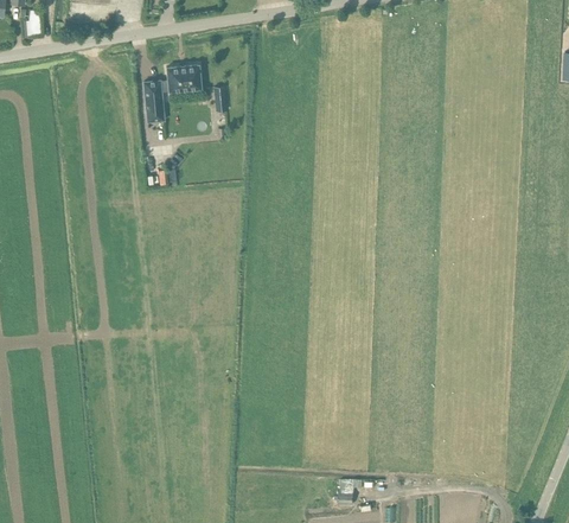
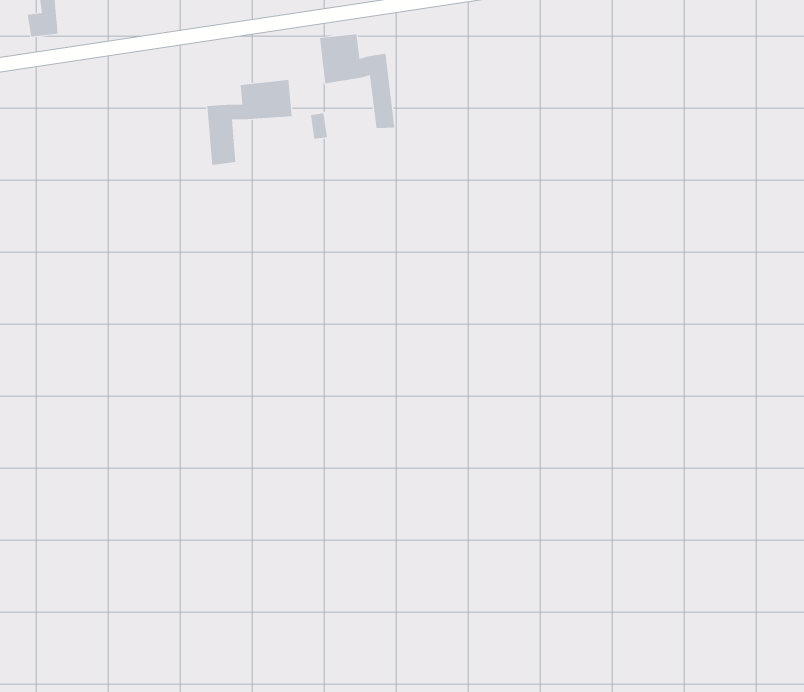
building: none -> [320,34,395,129]

